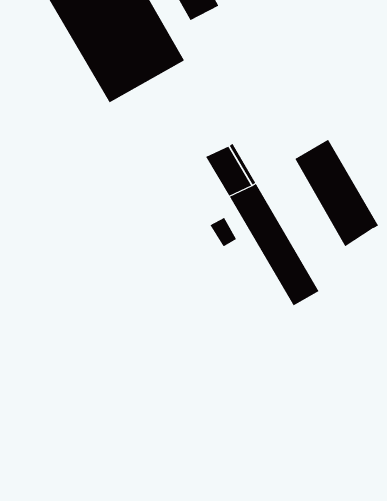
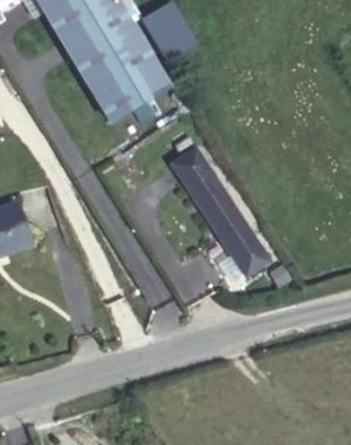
building: [294,139,379,247] -> none

